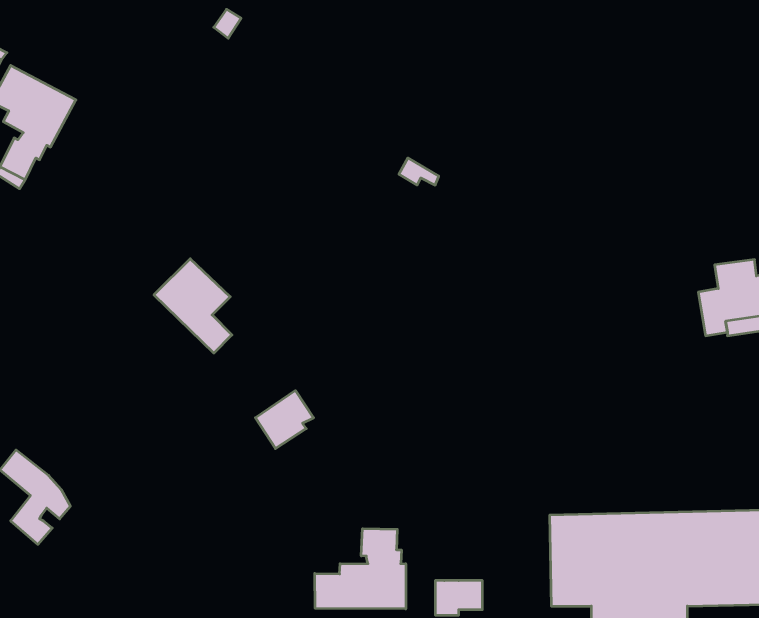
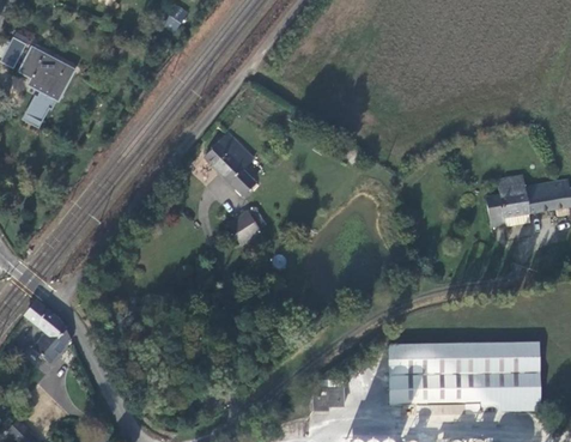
building: [154,259,232,353] -> [204,132,255,194]
building: [255,391,314,449] -> [227,206,266,244]
building: [315,529,406,609] -> none

